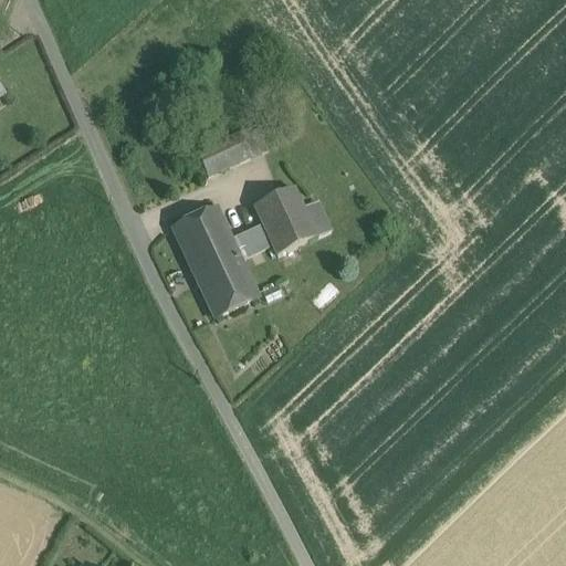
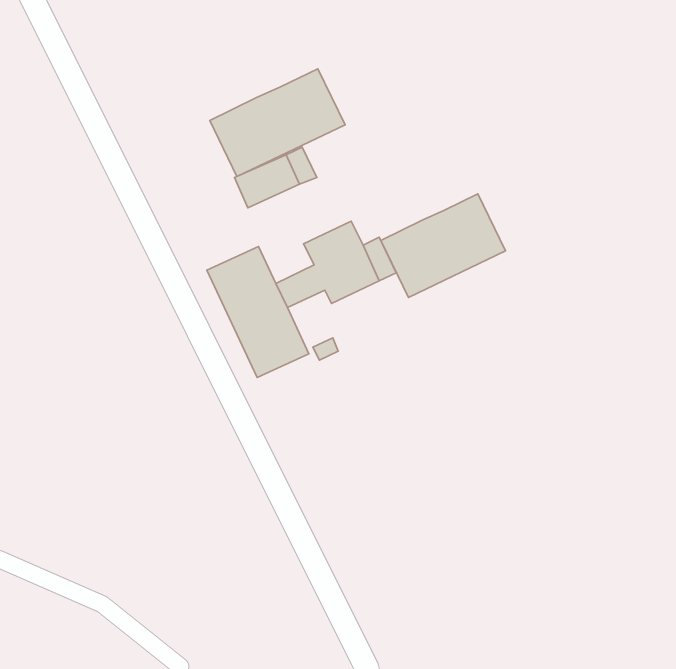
building: none -> [210,69,345,177]
building: none -> [381,194,506,297]

